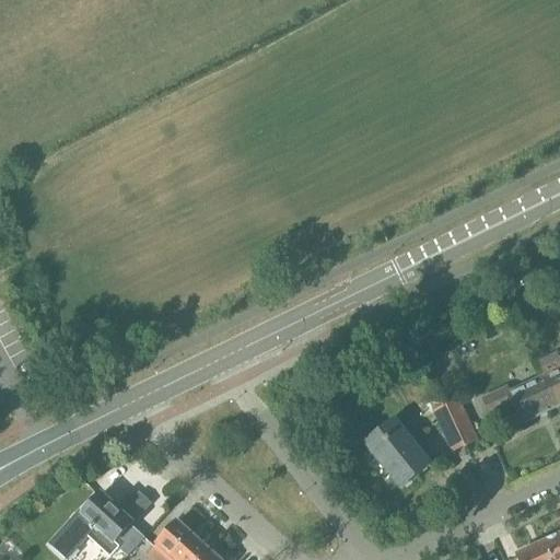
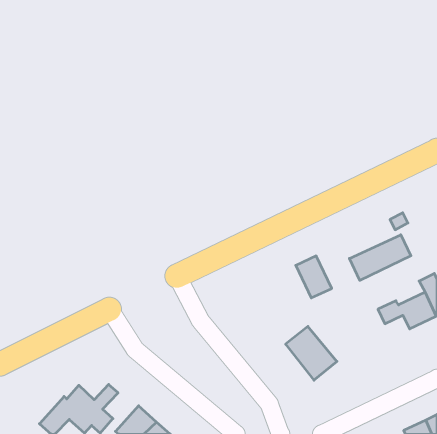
building: none -> [349,235,411,280]
building: [431,398,477,452] -> [296,256,332,298]

